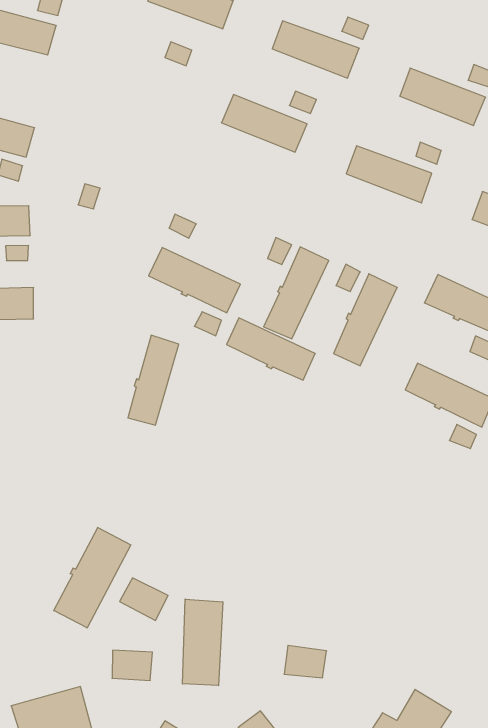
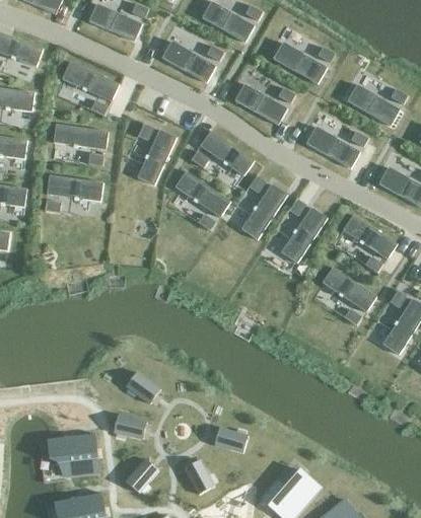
building: none -> [162,41,215,82]
building: [227,318,315,380] -> [200,131,254,175]
building: [128,335,179,425] -> [137,129,176,184]
building: [54,527,131,628] -> none
building: [183,599,223,686] -> none

